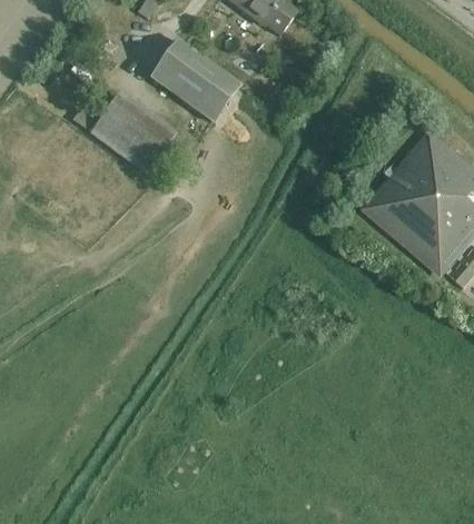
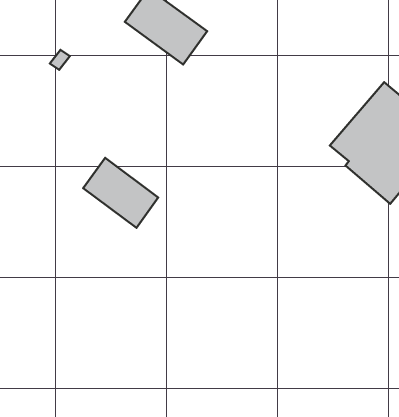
building: [92,96,172,170] -> [83,158,158,228]

